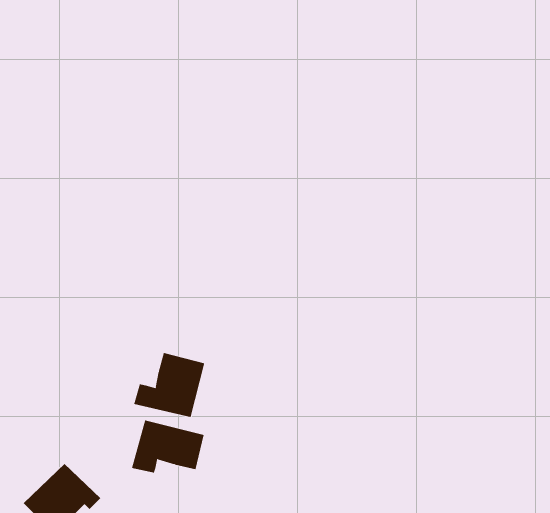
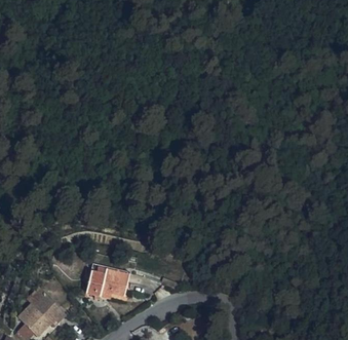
building: [133,352,205,418] -> none

